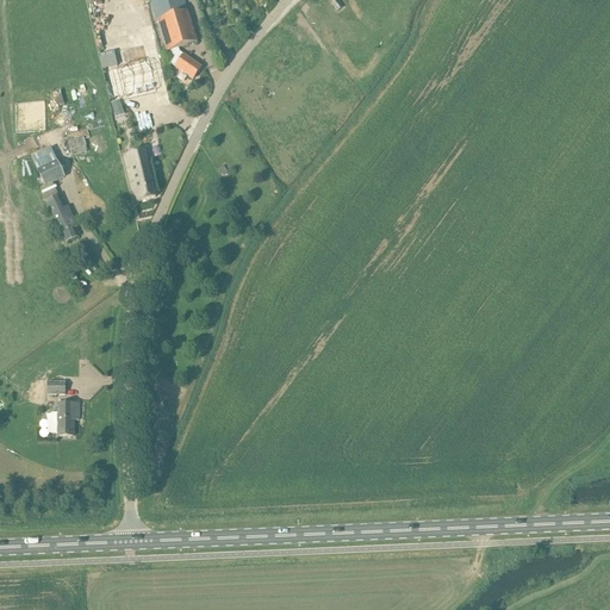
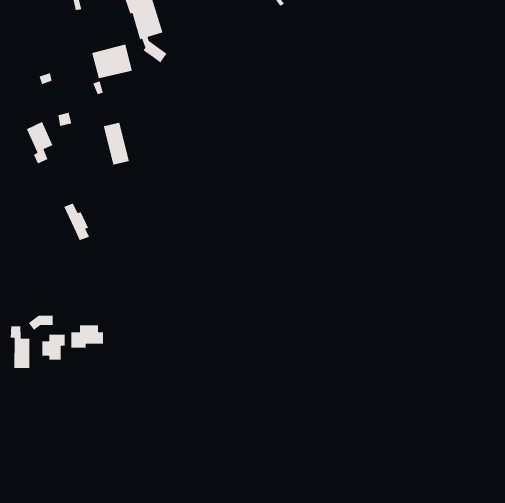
building: [48,193,80,239] -> [63,202,90,241]
building: none -> [71,325,104,348]
building: none -> [10,326,30,369]

